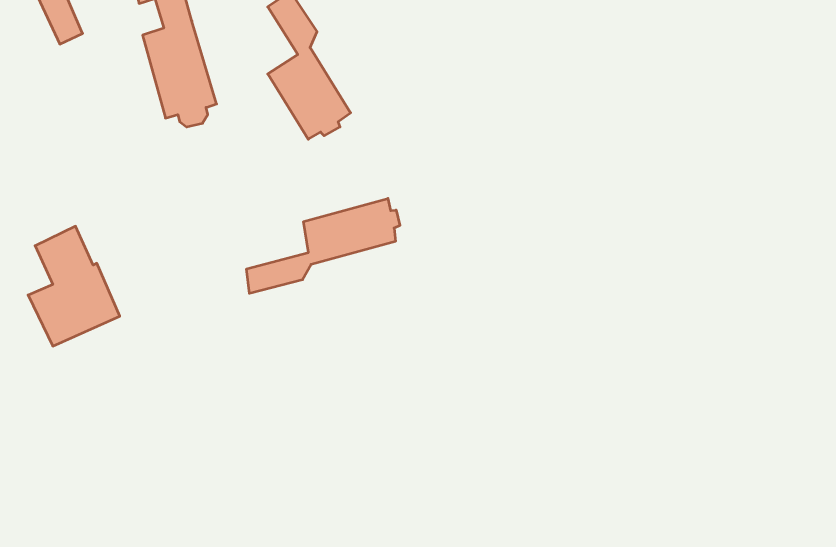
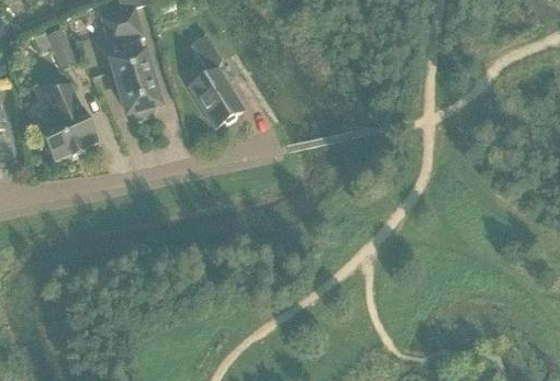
building: [247,198,400,293] -> none
building: [28,226,120,346] -> [40,83,97,158]

